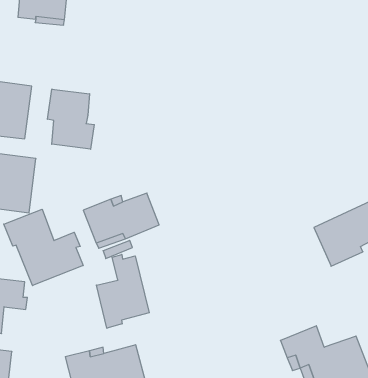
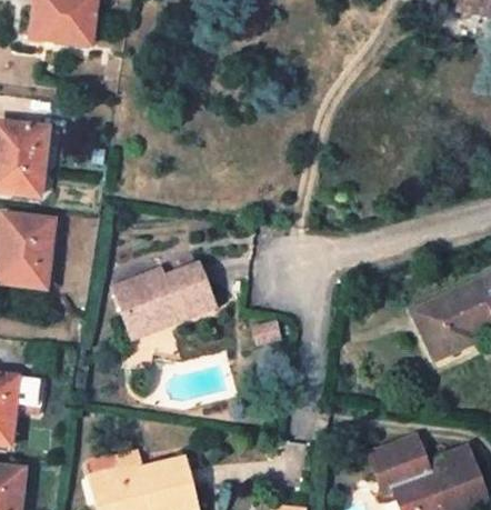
building: [47,89,94,149] -> none
building: [4,209,83,286] -> none
building: [96,254,149,328] -> none

